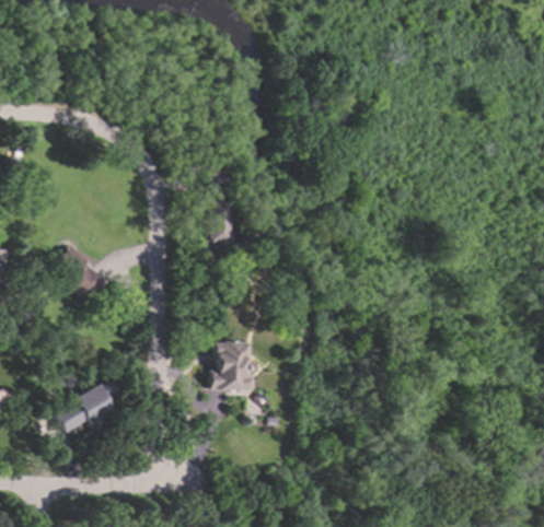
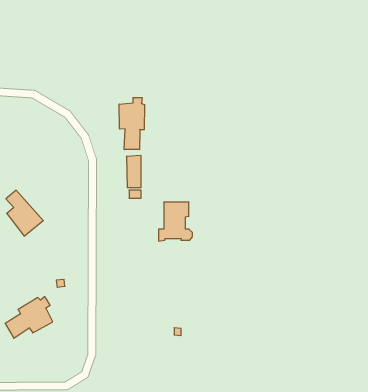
building: none -> [119,98,145,150]
building: [212,343,255,393] -> [159,202,192,241]

